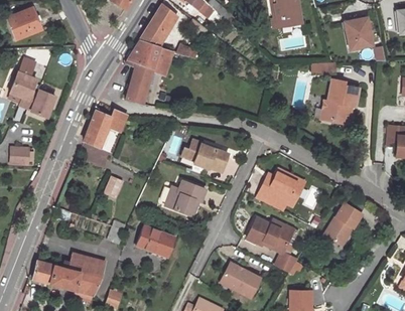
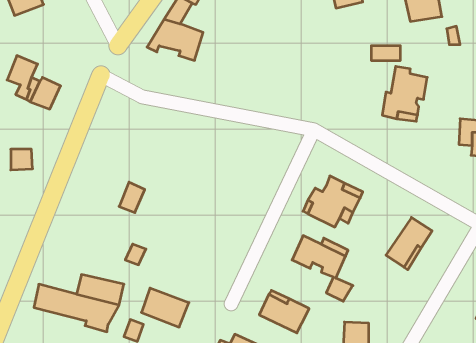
building: [125,62,153,105] -> none
building: [83,109,127,148] -> none
building: [185,139,227,171] -> none
building: [163,180,205,215] -> none
building: [136,224,175,257] -> [141,288,189,327]

